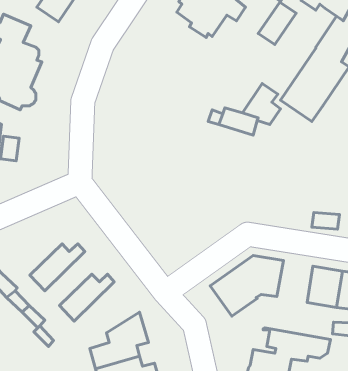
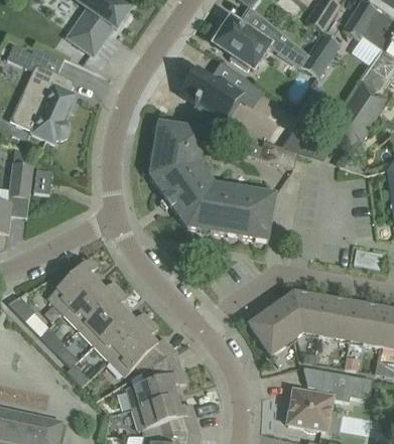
building: none -> [179,62,247,123]
building: none -> [149,123,275,240]
building: none -> [47,257,98,313]
building: none -> [79,289,128,344]
building: none -> [317,298,355,341]
building: none -> [109,320,176,377]

